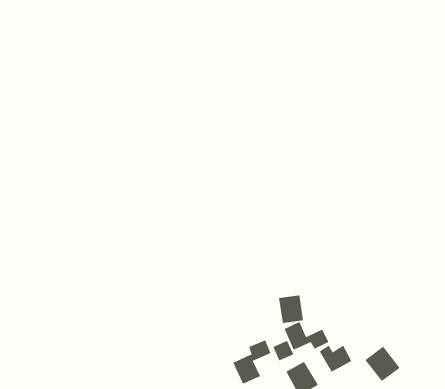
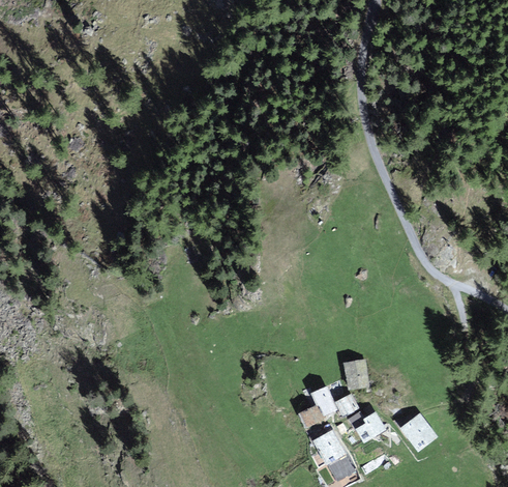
building: [278,295,304,323] -> [343,359,371,390]
building: [233,340,271,384] -> none

